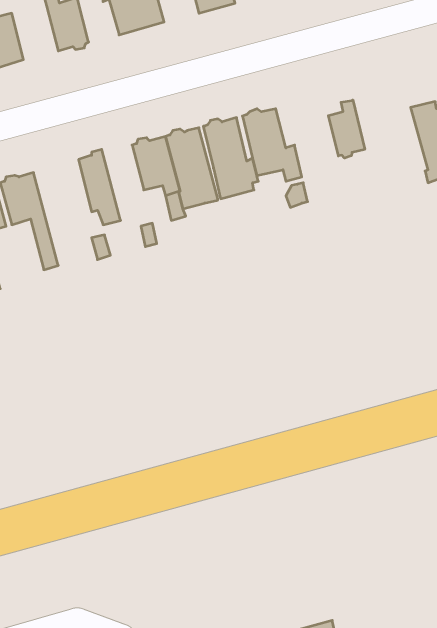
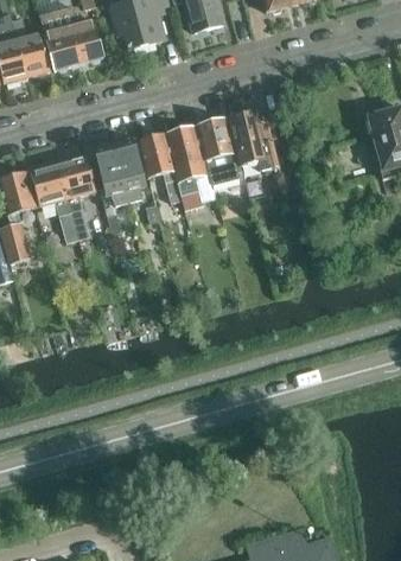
building: none -> [44,26,78,71]
building: [328,100,365,158] -> none
building: none -> [114,141,146,202]
building: none -> [58,154,95,238]

